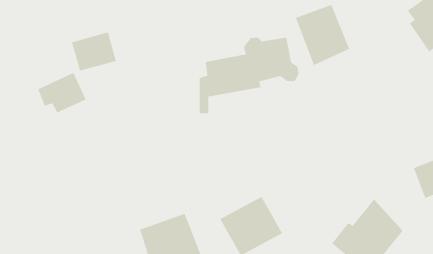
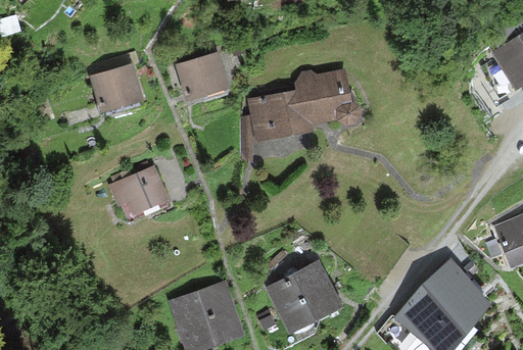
building: [295,4,350,66] -> none
building: none -> [177,52,230,100]
building: [37,72,87,114] -> [110,164,170,214]

